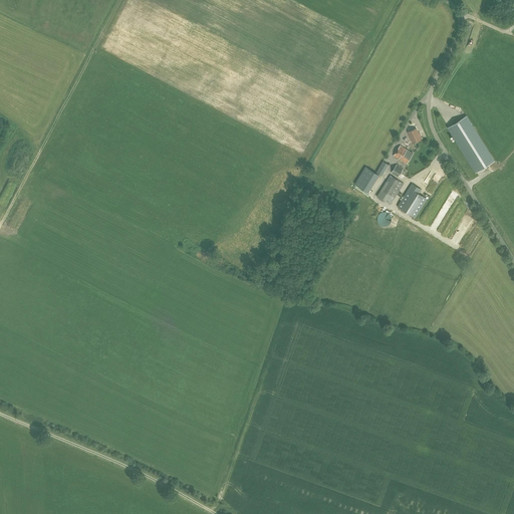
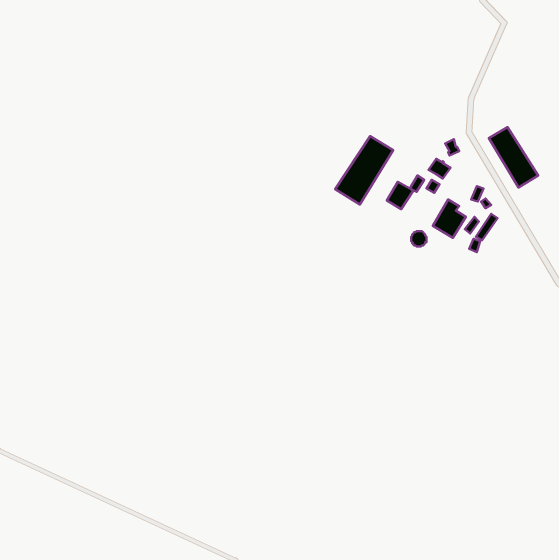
building: none -> [335,136,393,204]
building: [375,176,403,205] -> none

